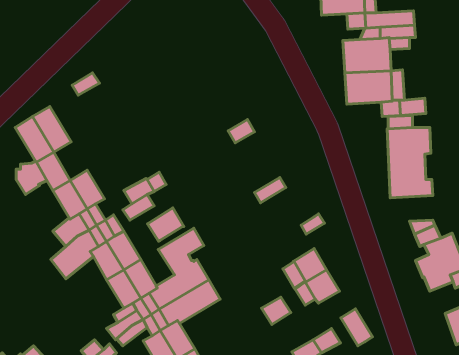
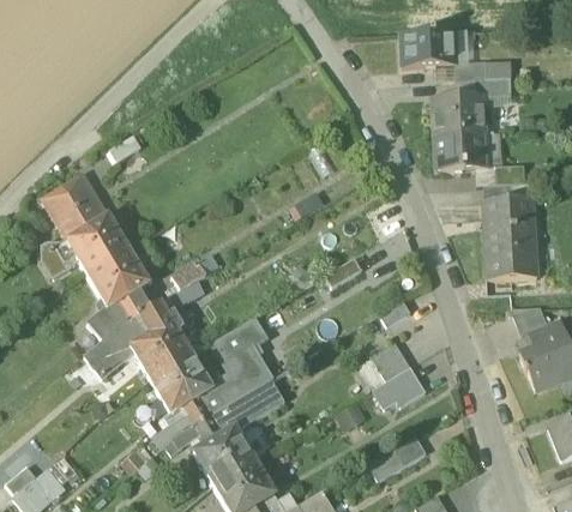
building: none -> [89,217,128,263]
building: [148,208,184,241] -> none
building: [341,309,372,346] -> none

